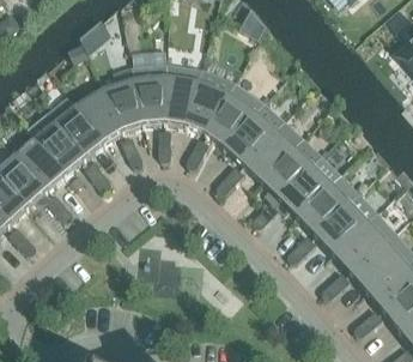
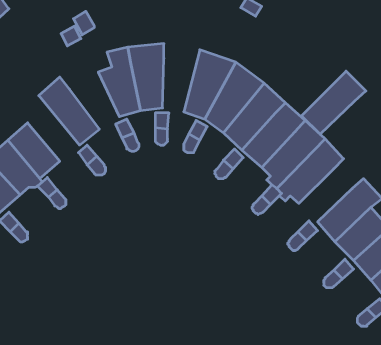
building: [166,61,202,127] -> none
building: [77,89,124,144] -> none
building: [28,111,86,175] -> none
building: [298,173,360,234] -> [301,71,366,134]

